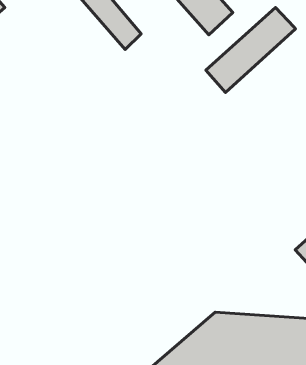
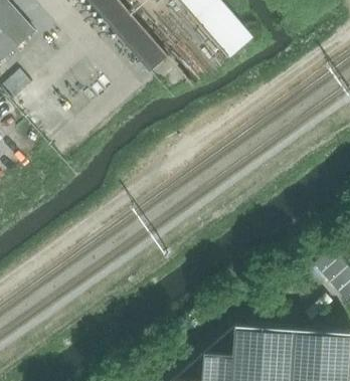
building: [206,8,296,92] -> none

